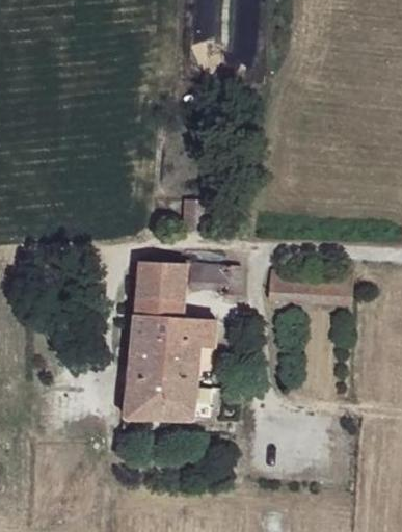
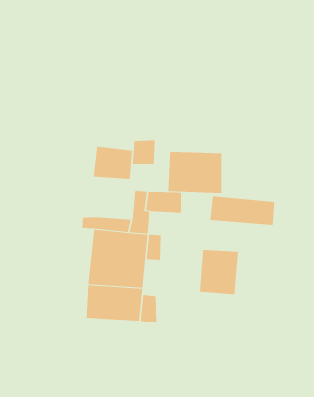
building: none -> [168,151,222,194]
building: [134,260,182,299] -> [93,146,133,179]
building: none -> [199,249,238,295]

